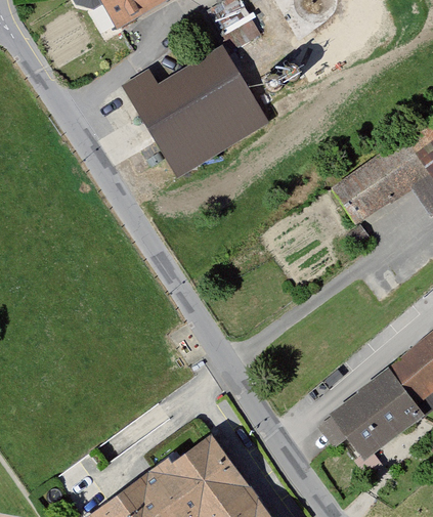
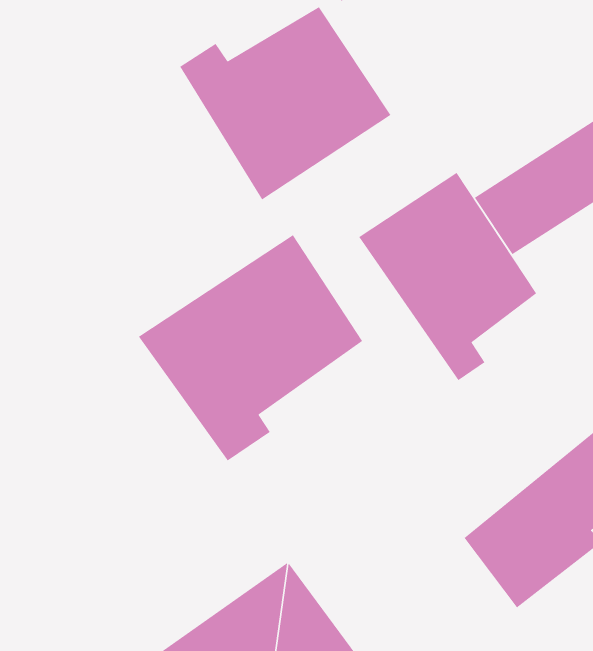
building: none -> [358,172,537,381]
building: none -> [138,234,363,462]

